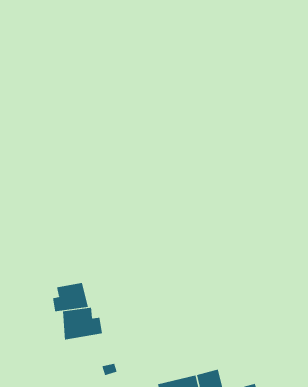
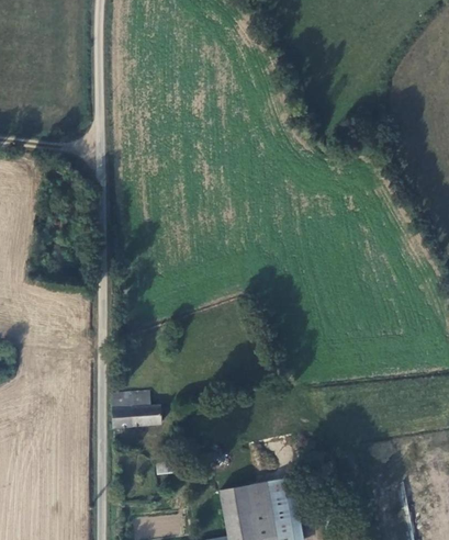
building: [52,282,88,312] -> none

